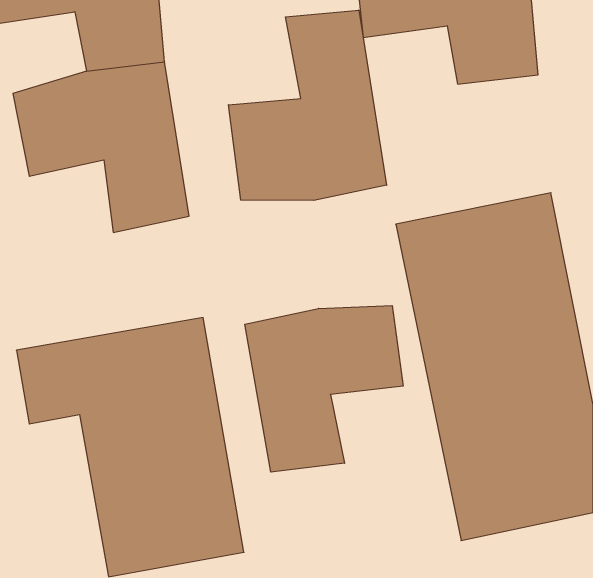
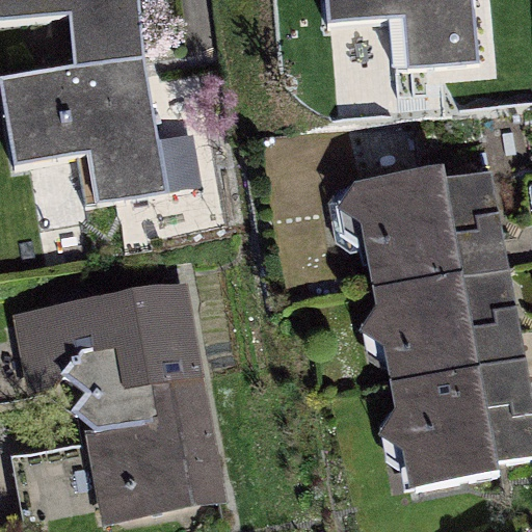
building: [229,10,387,200] -> none
building: [245,306,403,472] -> none

